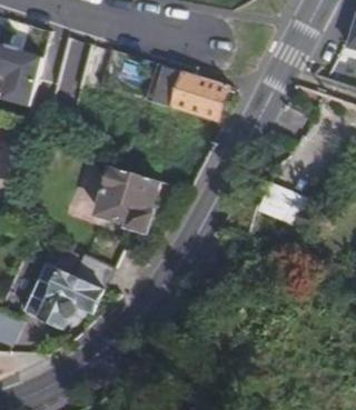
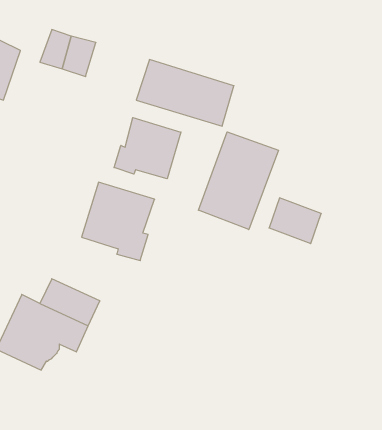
building: none -> [114,118,181,179]
building: none -> [198,132,278,230]

